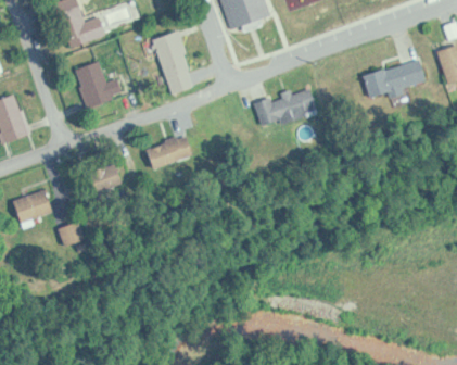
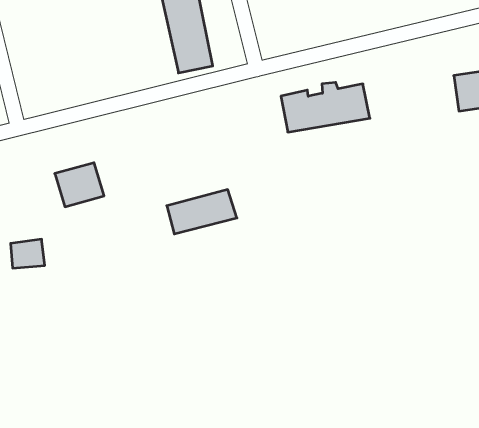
building: [64,58,117,108] -> none
building: [137,135,188,171] -> [167,190,237,234]

